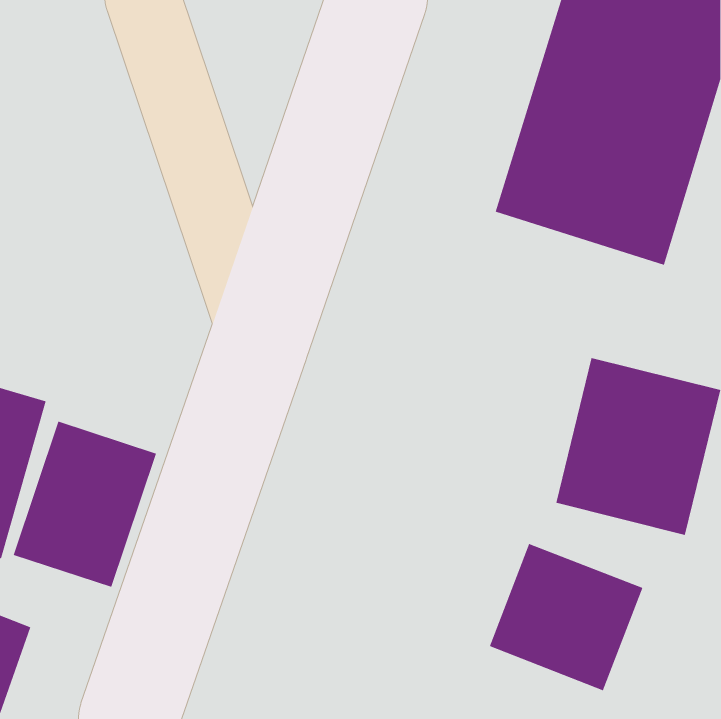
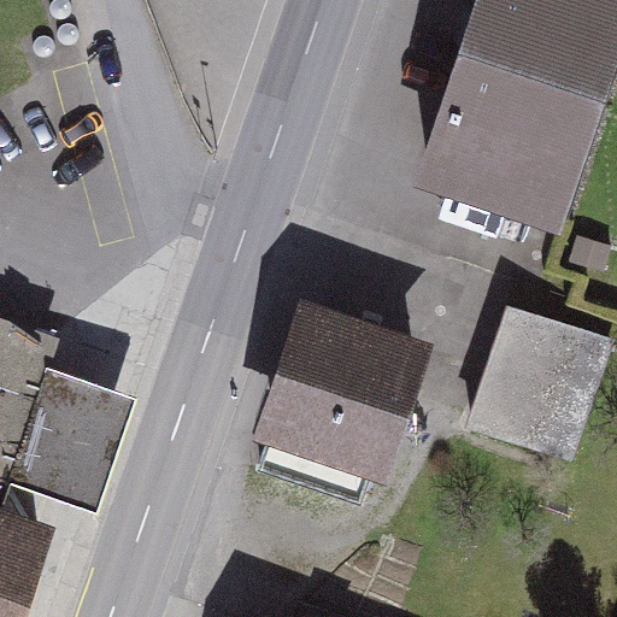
building: none -> [245,316,425,505]
building: [489,543,643,691] -> none

